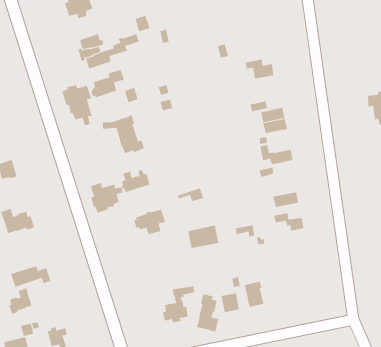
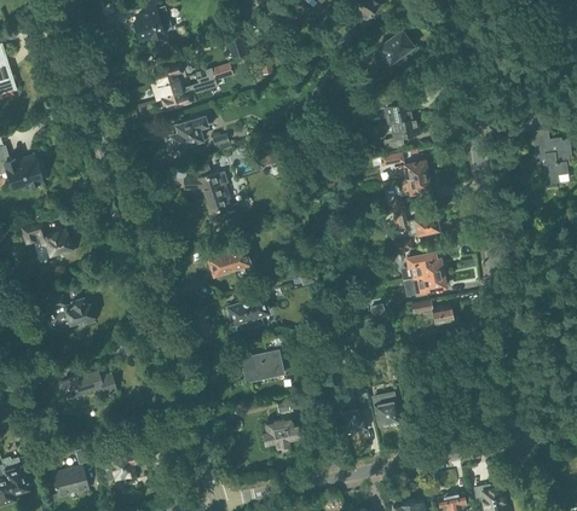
building: none -> [379,31,412,64]
building: none -> [385,117,420,150]
building: [62,85,92,126] -> none
building: none -> [400,251,444,280]
building: [90,182,123,213] -> none
building: [187,225,219,249] -> [242,350,284,382]
building: [9,288,32,315] -> none
building: [196,294,219,332] -> none

